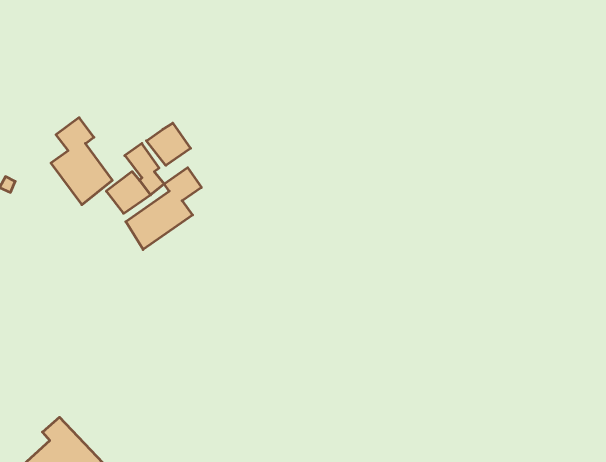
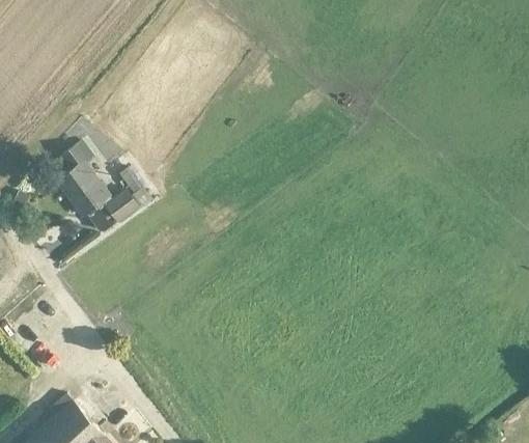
building: [146,123,191,165] -> none
building: [126,168,201,250] -> none

